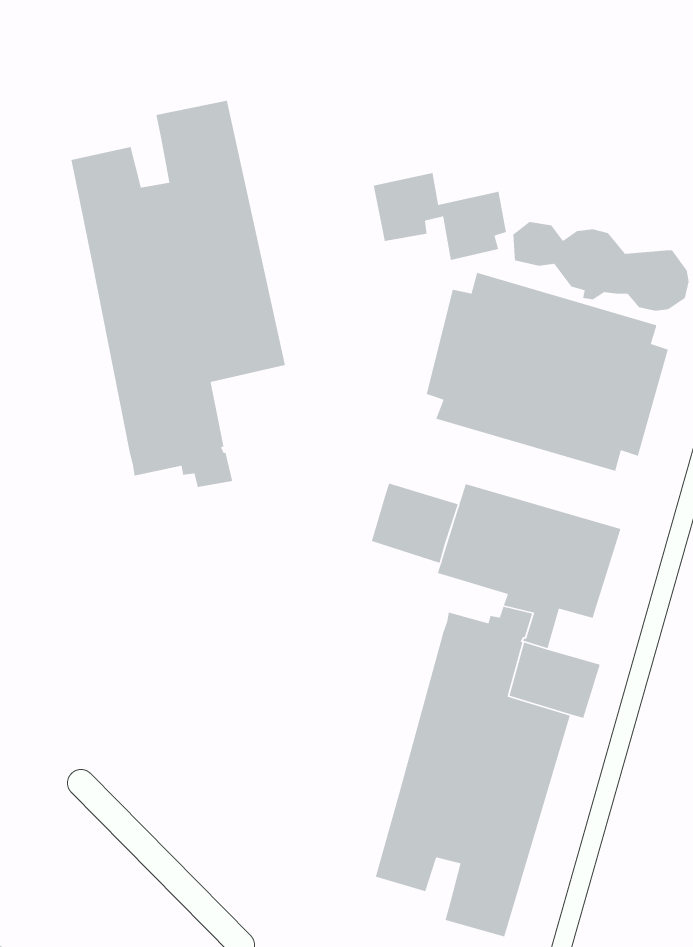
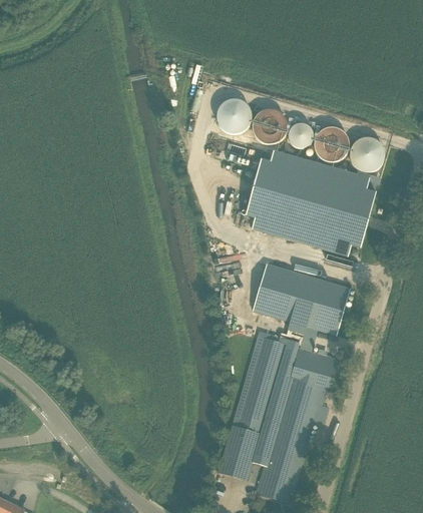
building: [70,100,286,488] -> none
building: [371,483,459,564] -> none

